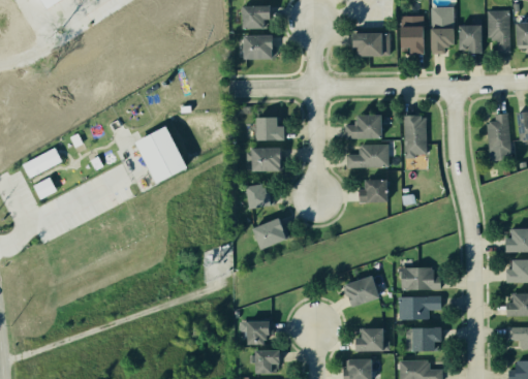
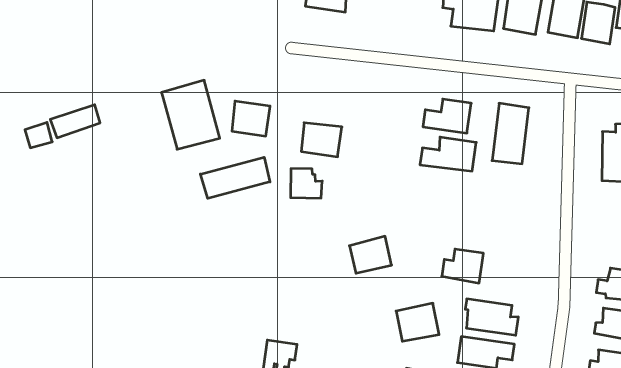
building: [252,117,280,140] -> [232,101,270,136]
building: [24,149,63,179] -> [50,105,100,138]
building: [359,180,389,203] -> [442,249,483,283]
building: none -> [200,157,270,198]
building: [254,218,289,250] -> [349,236,392,273]

